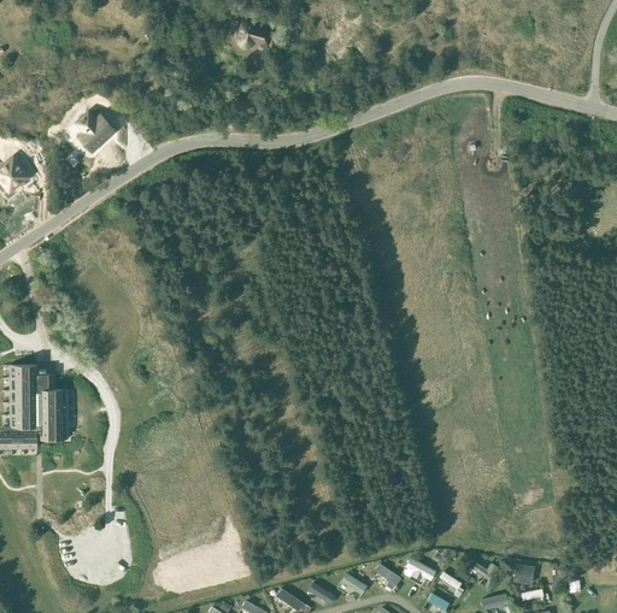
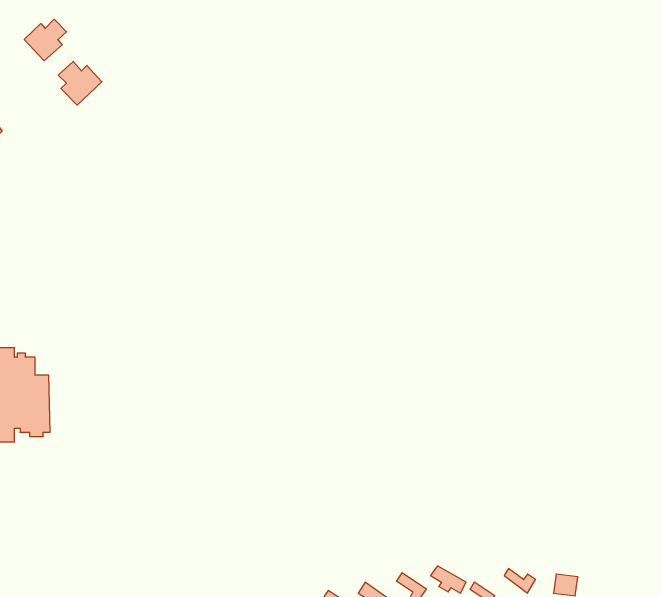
building: none -> [24,19,67,61]

